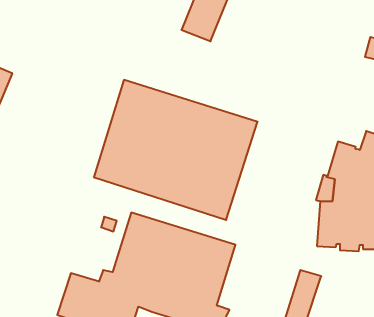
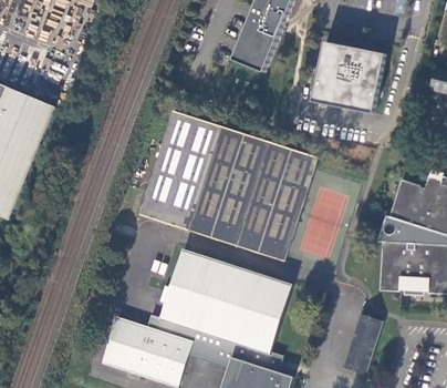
building: none -> [312,39,385,112]

